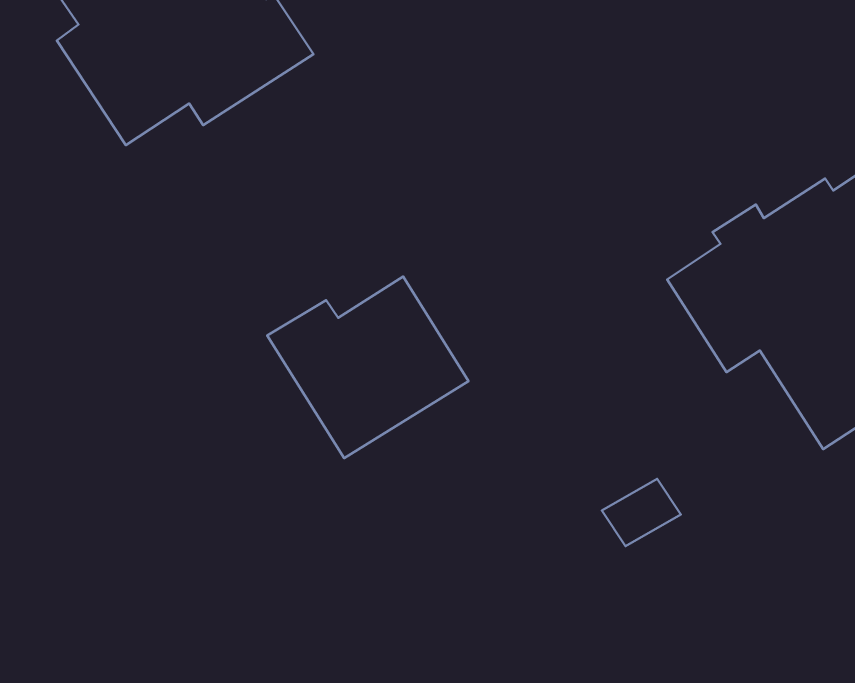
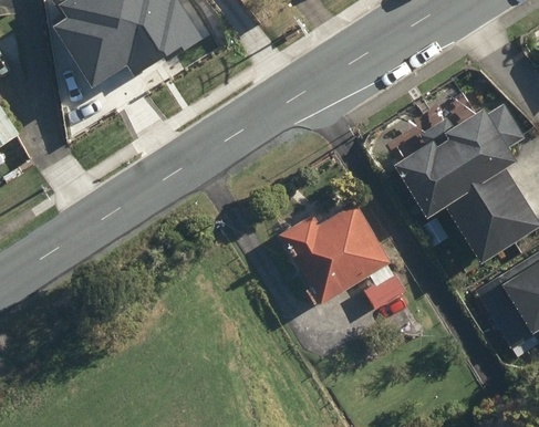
building: [267,276,469,458] -> [276,204,388,305]

